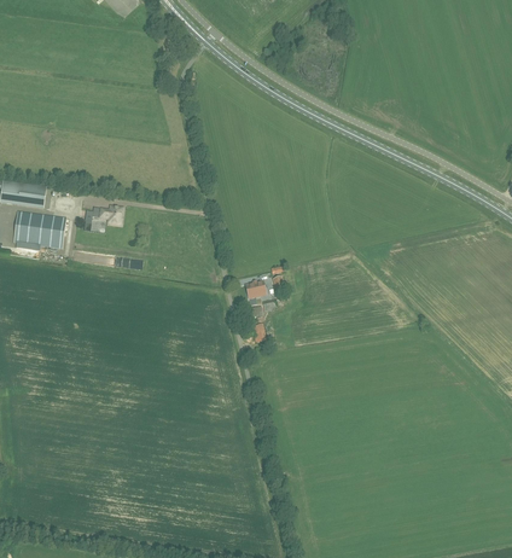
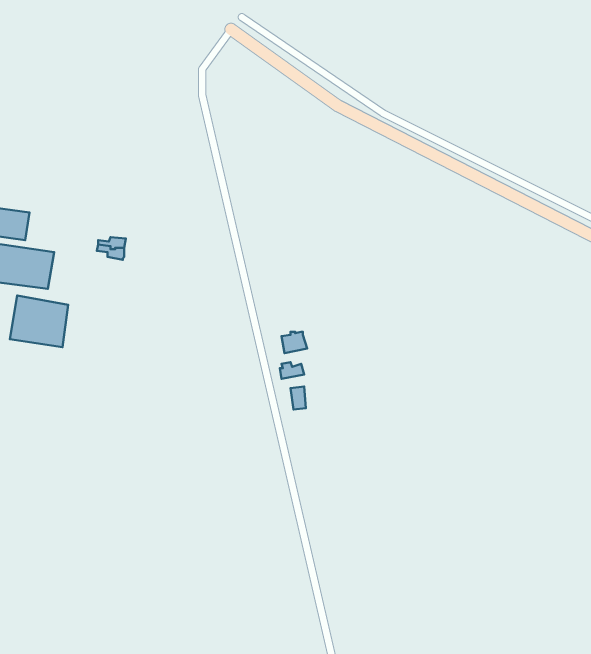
building: none -> [10,296,68,347]

